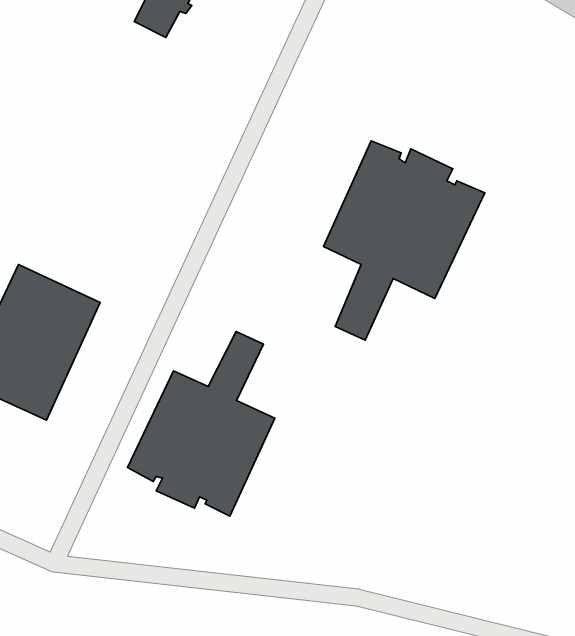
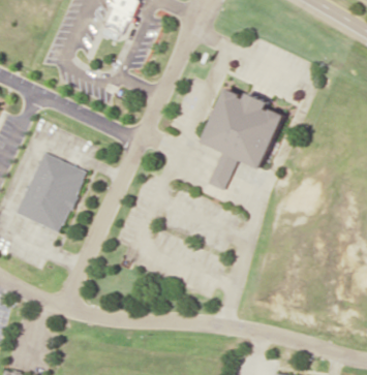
building: [127,332,275,516] -> none

